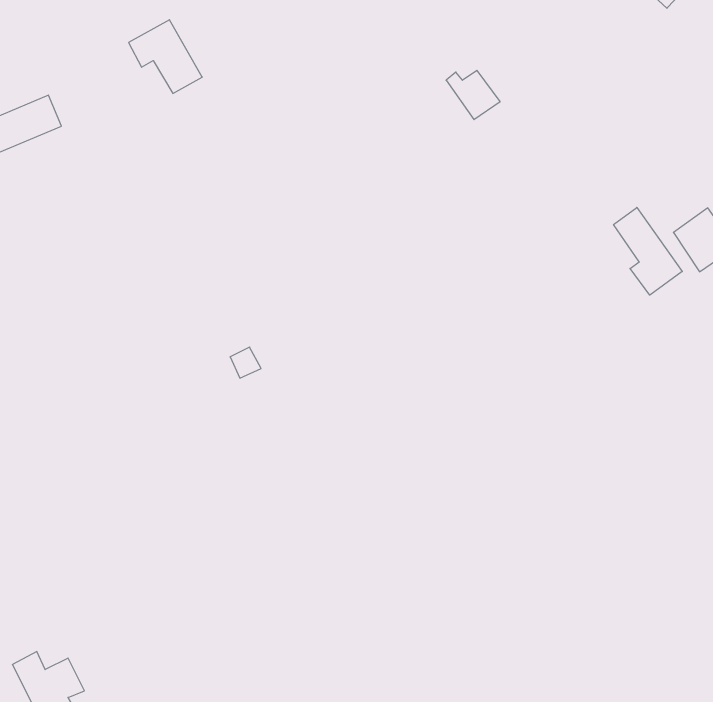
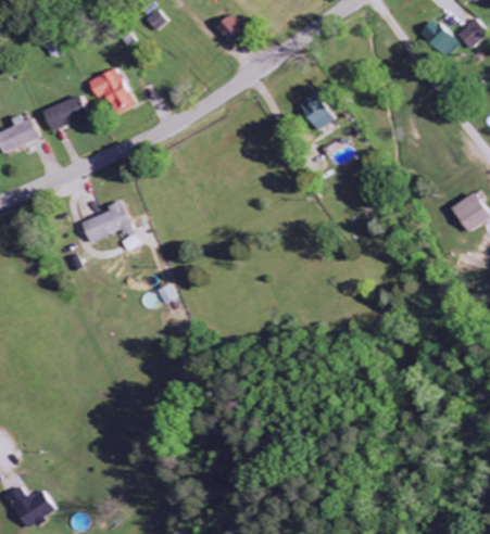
building: none -> [41,93,88,130]
building: [614,207,682,295] -> none
building: none -> [78,203,133,242]

